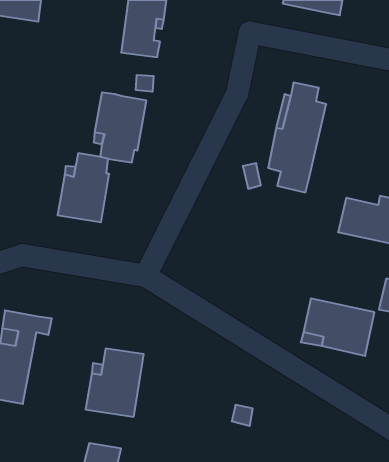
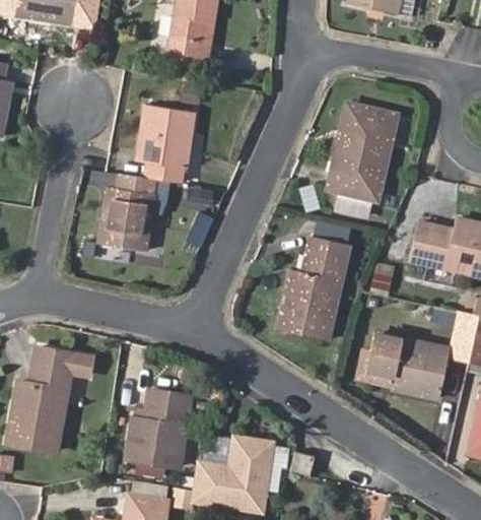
building: none -> [279,236,349,340]
building: none -> [194,439,274,512]

